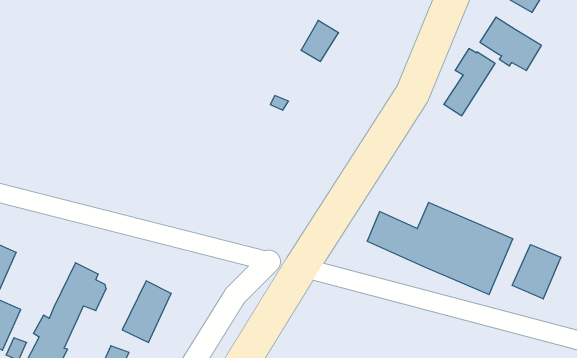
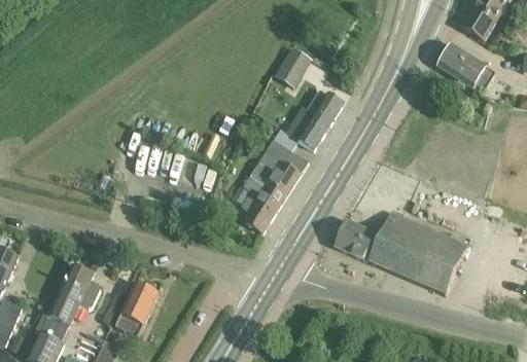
building: [444,49,495,116] -> [296,89,343,150]
building: none -> [242,140,308,231]
building: [512,245,561,299] -> none

